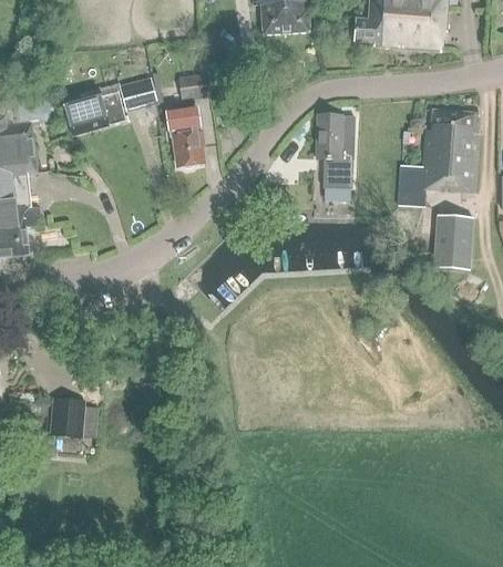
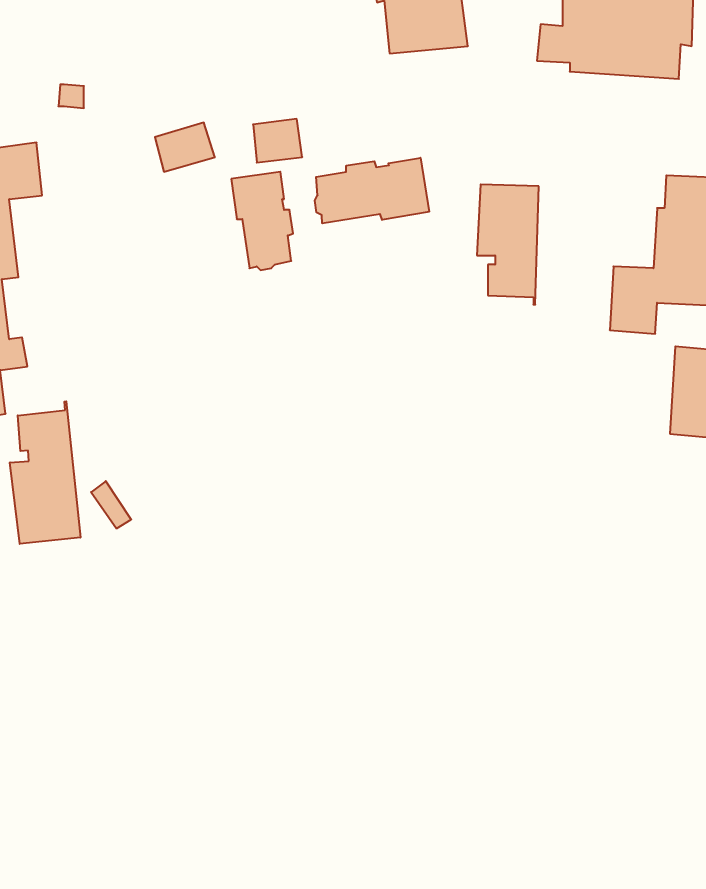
building: [64,87,126,134] -> none
building: none -> [315,158,429,223]
building: none -> [10,401,80,544]
building: [54,399,86,436] -> none

